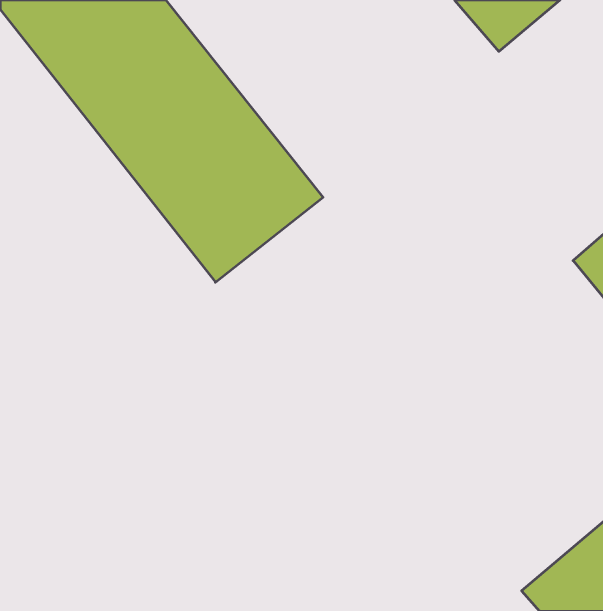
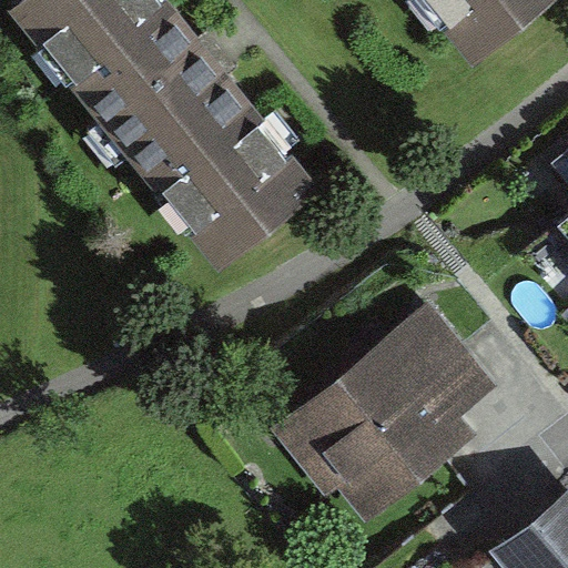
building: none -> [278,307,497,520]

